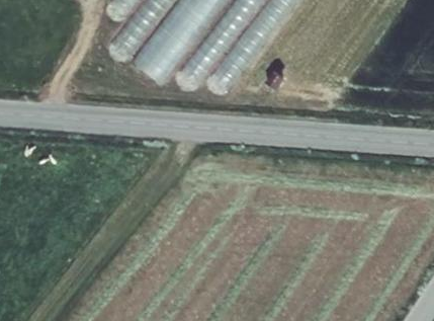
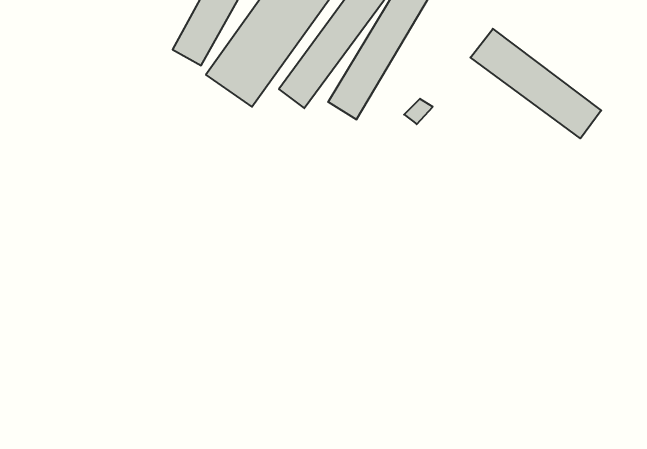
building: none -> [470,29,601,138]

